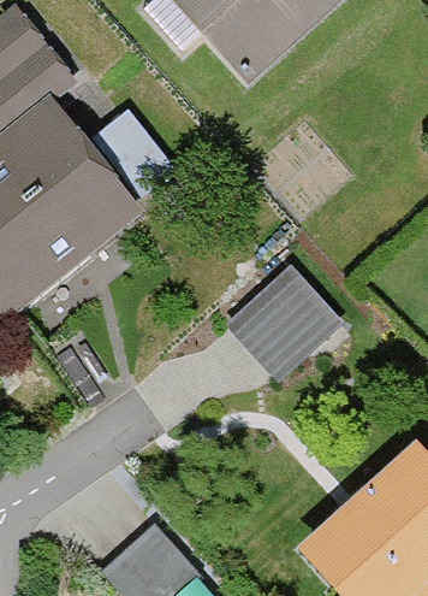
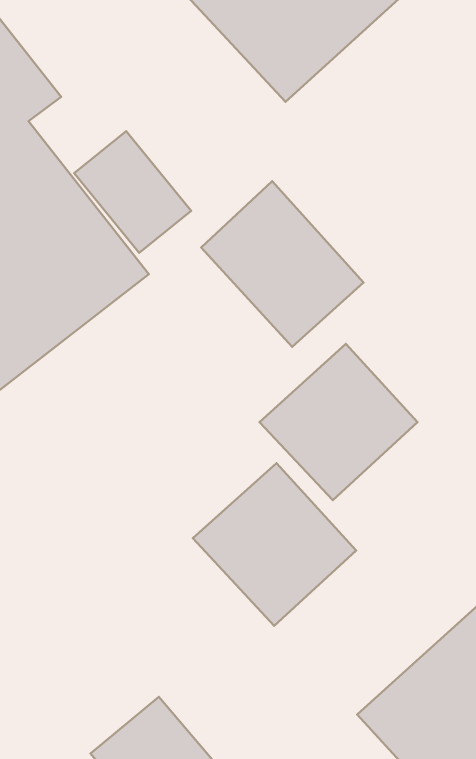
building: none -> [201,181,363,347]
building: none -> [193,463,356,626]

